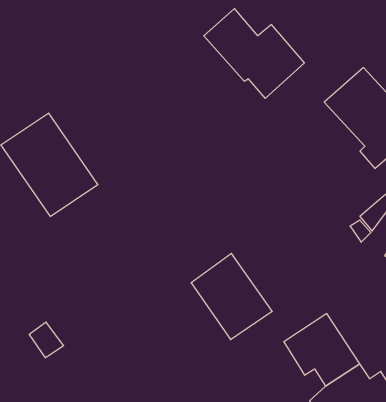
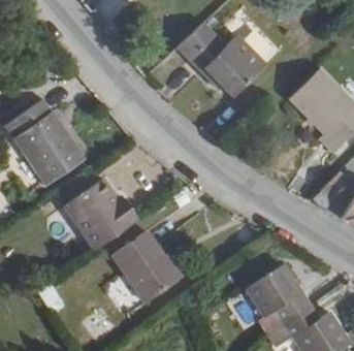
building: none -> [65,181,138,252]
building: [191,253,272,340] -> [115,231,183,304]

